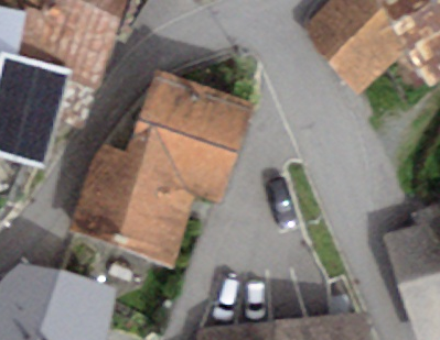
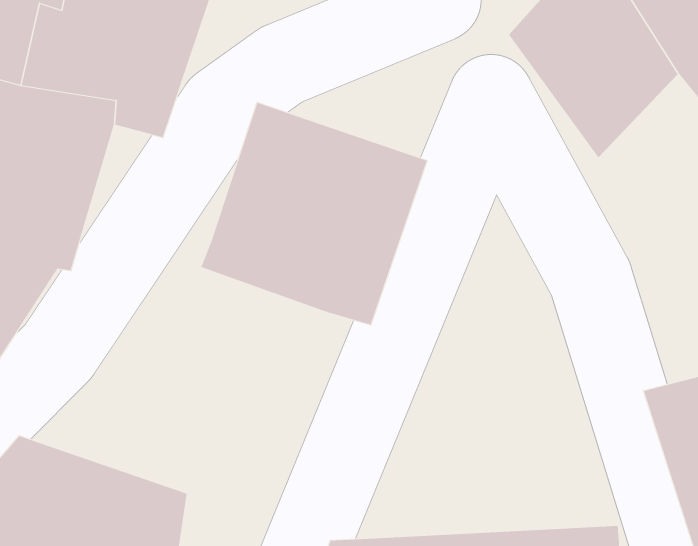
building: [71,140,195,263] -> none

